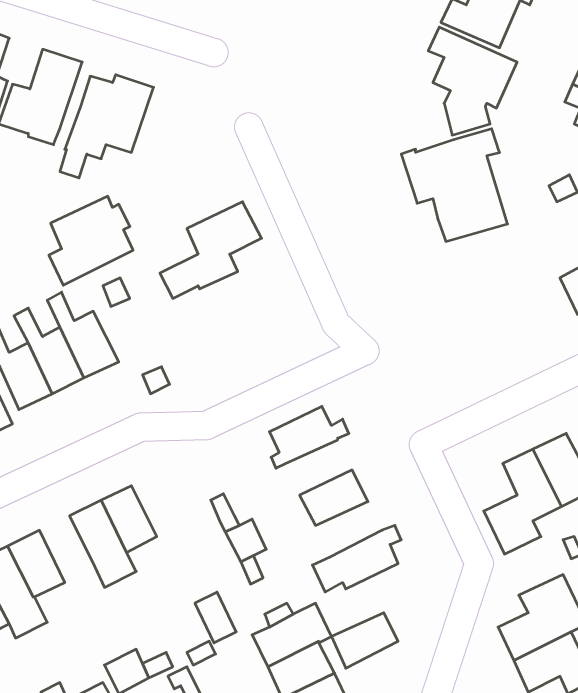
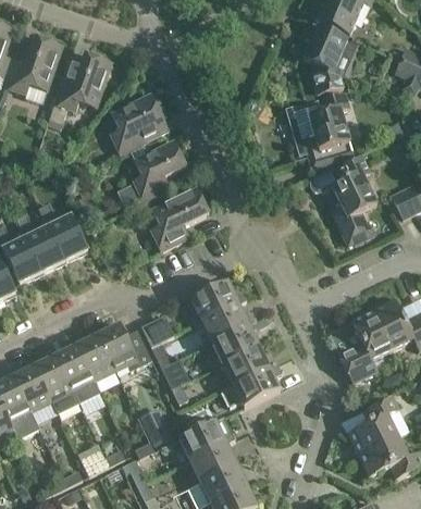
building: [49,196,133,285] -> [111,94,169,154]
building: none -> [309,157,376,243]
building: none -> [151,187,209,250]
building: none -> [202,303,257,342]
building: none -> [143,313,175,345]
building: none -> [97,323,152,371]
building: none -> [34,356,78,414]
building: [331,613,398,668] -> [223,346,269,384]

